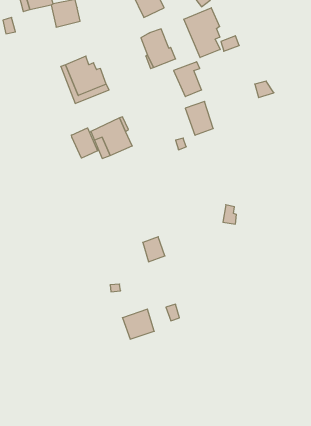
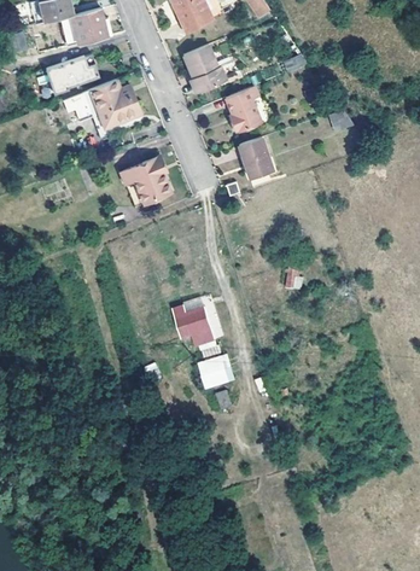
building: [184,8,220,58] -> none
building: none -> [46,53,98,92]
building: [71,128,97,158] -> none
building: [122,309,154,339] -> [194,352,234,390]

